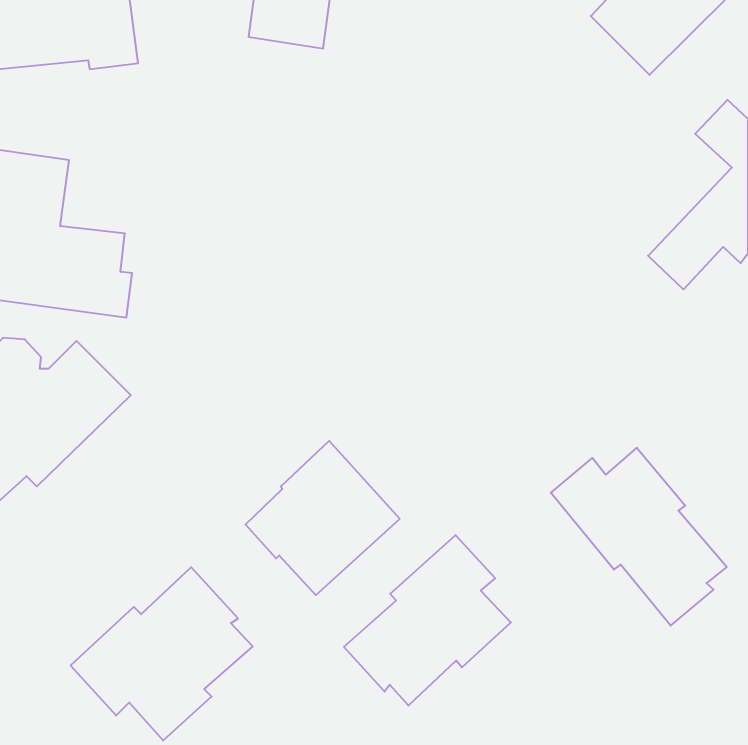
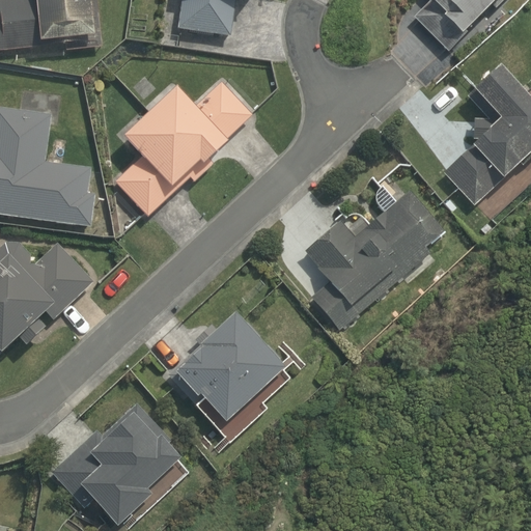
building: none -> [113,79,250,214]
building: none -> [312,200,447,332]
building: [551,448,727,626] -> none
building: [344,535,511,706] -> none

